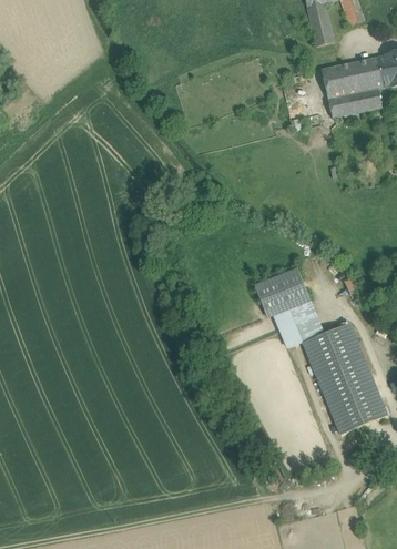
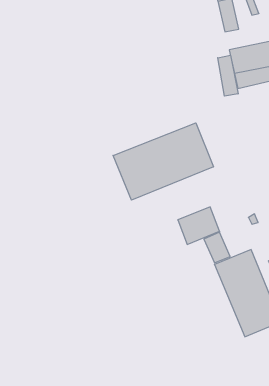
building: none -> [218,55,238,96]
building: none -> [113,123,213,200]
building: [273,308,302,346] -> none

